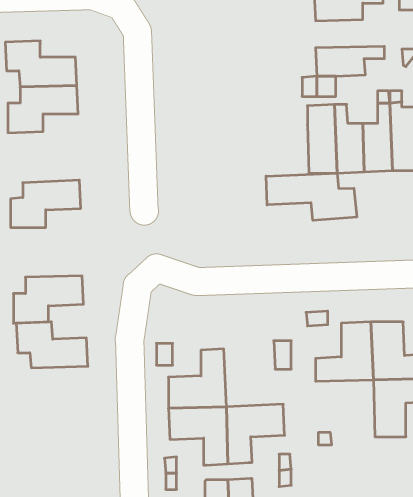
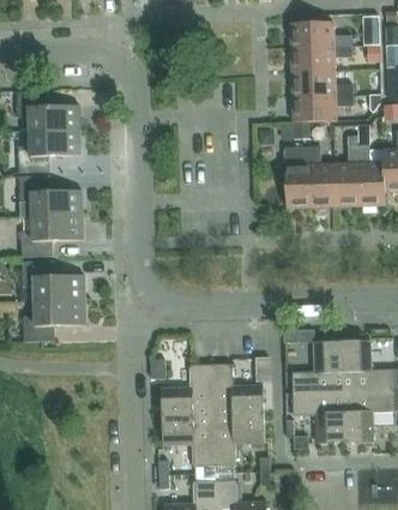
building: none -> [293,71,354,96]
building: none -> [19,175,83,216]
building: [266,173,357,220] -> none
building: [16,322,88,368] -> [22,259,85,300]
building: none -> [211,362,264,415]
building: none -> [293,391,345,443]

